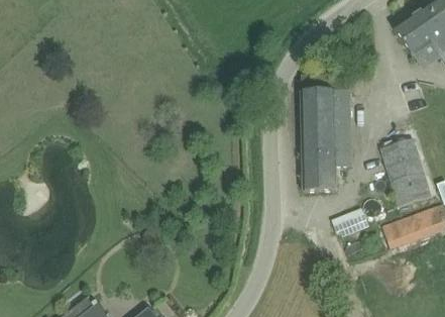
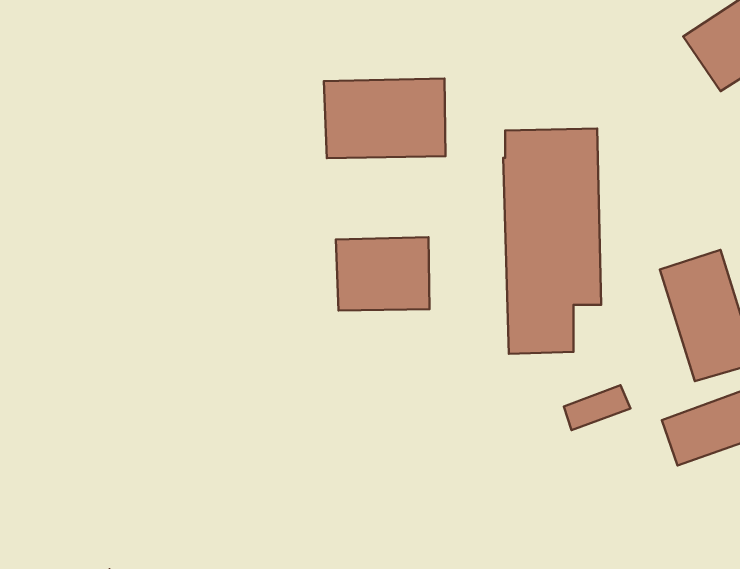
building: none -> [324,79,445,158]
building: none -> [336,237,430,311]

